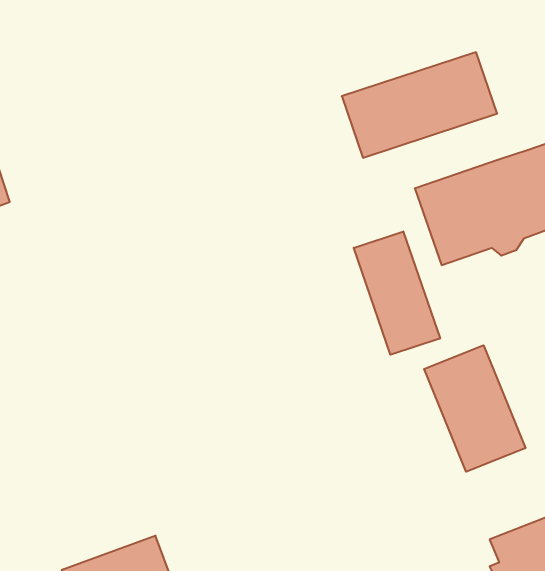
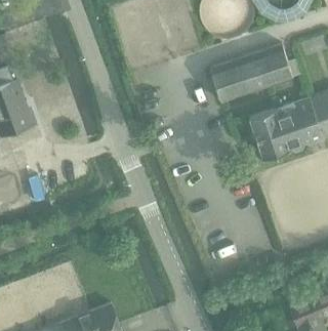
building: [354,231,440,355] -> none
building: [424,345,525,472] -> none

